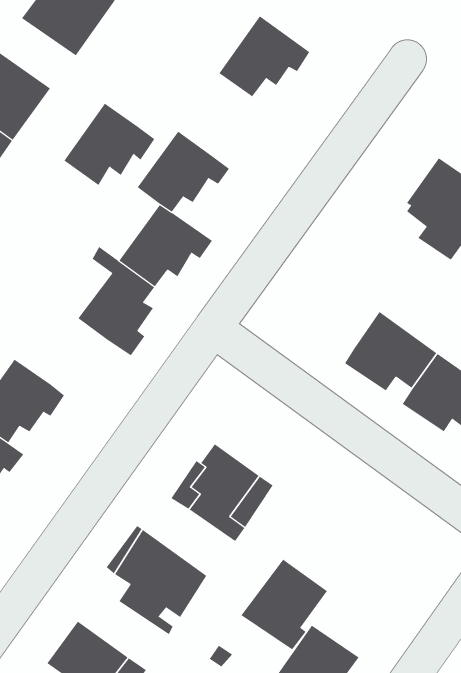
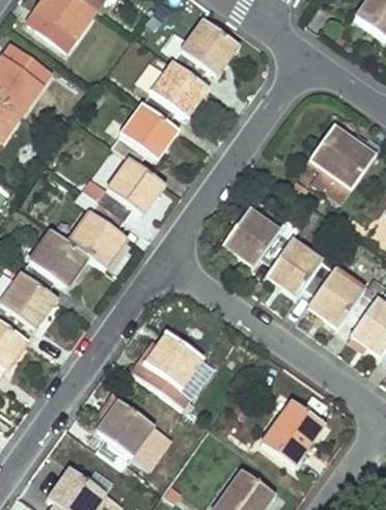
building: [63,103,155,186] -> [142,61,210,122]
building: none -> [223,207,300,265]
building: none -> [22,230,89,290]
building: [240,559,328,650] -> [261,399,326,466]

